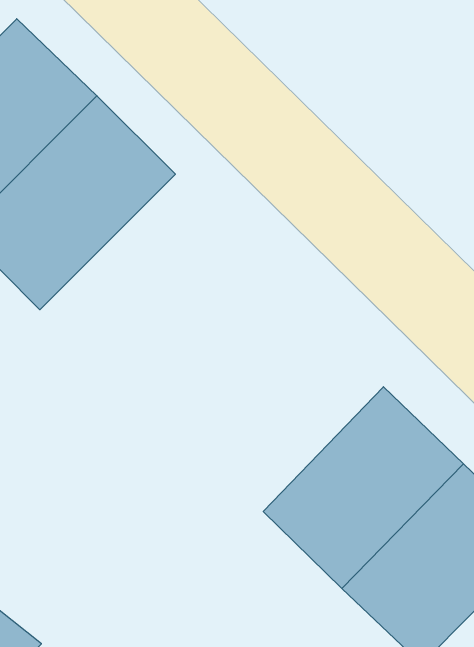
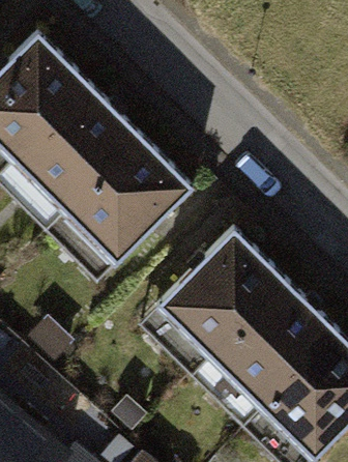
building: none -> [52,136,197,280]
building: none -> [148,227,283,363]

